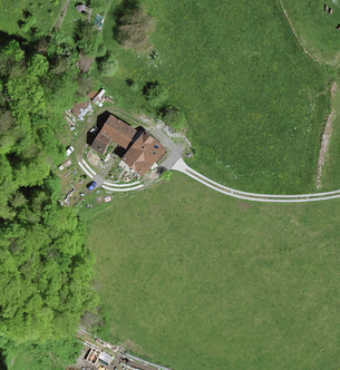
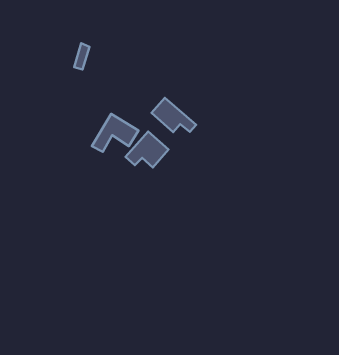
building: none -> [151,98,196,132]

